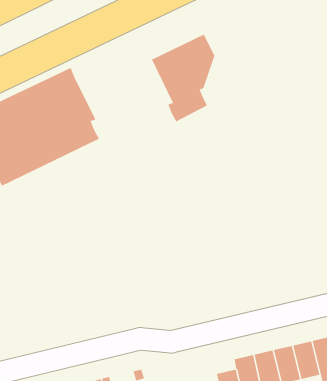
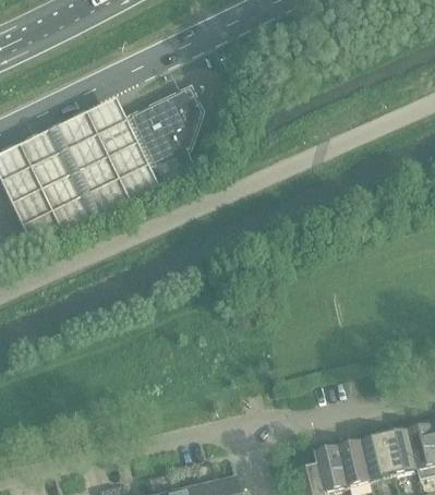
building: [151,34,215,122] -> [122,85,198,190]

